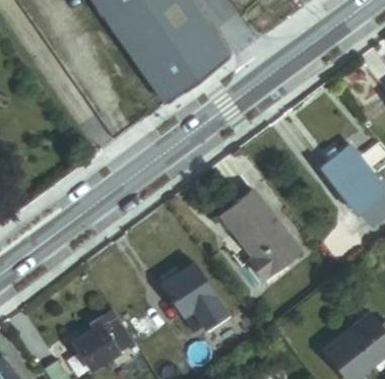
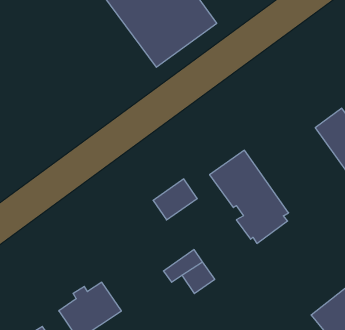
building: [163,264,206,305] -> [153,179,197,220]

